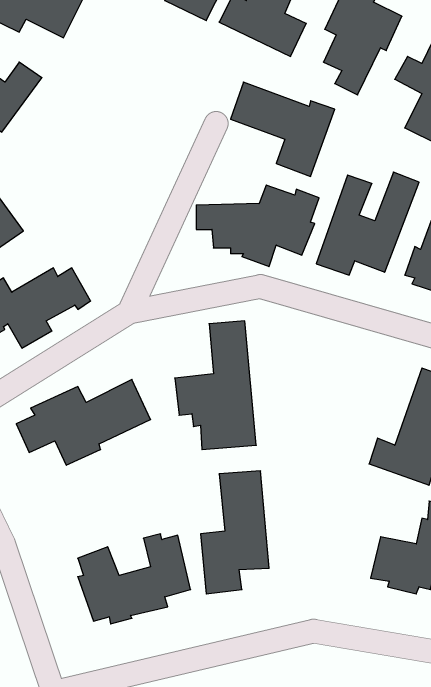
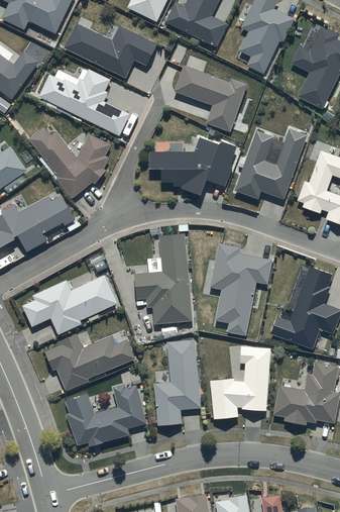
building: none -> [63,23,156,78]
building: none -> [38,69,129,136]
building: none -> [29,128,110,198]
building: none -> [210,242,271,336]
building: none -> [44,333,136,392]
building: none -> [210,346,270,418]

